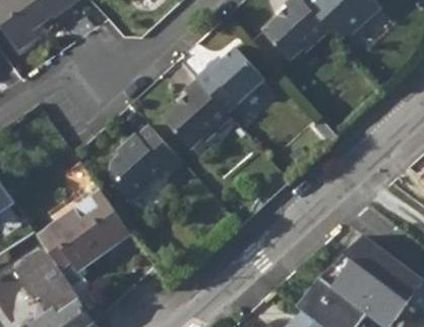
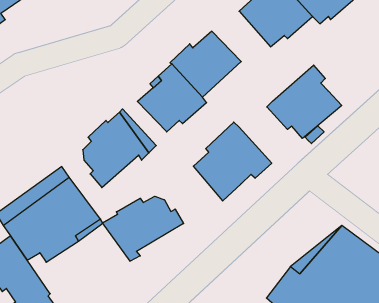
building: none -> [267,65,342,138]
building: none -> [193,122,272,201]
building: none -> [103,196,184,261]

